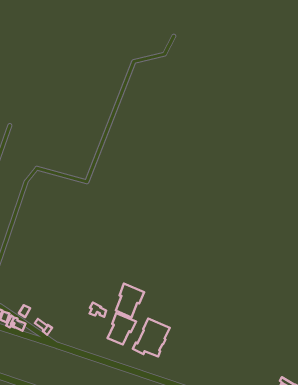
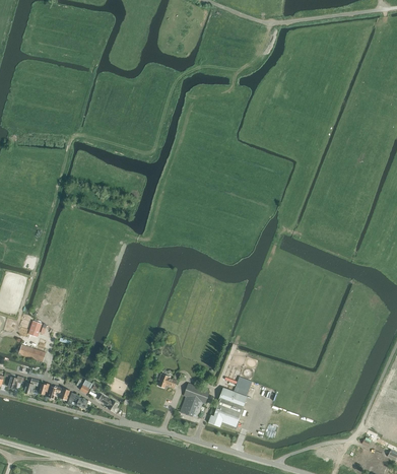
building: [116,284,144,317] -> none

